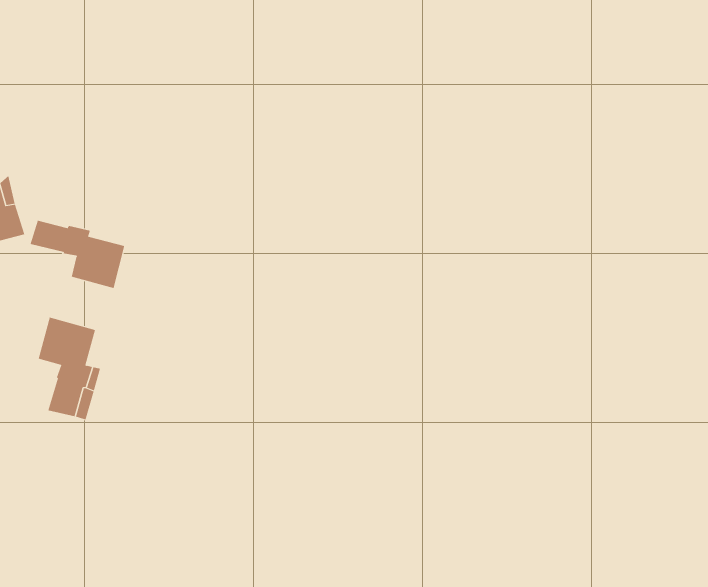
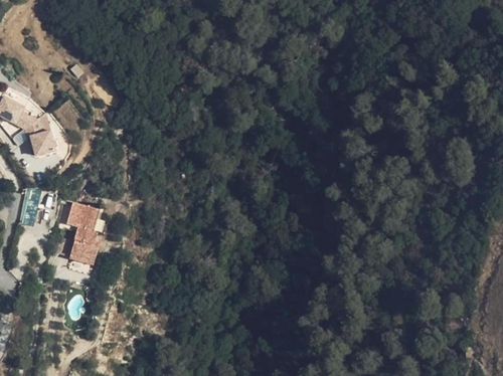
building: [30,220,125,289] -> none

